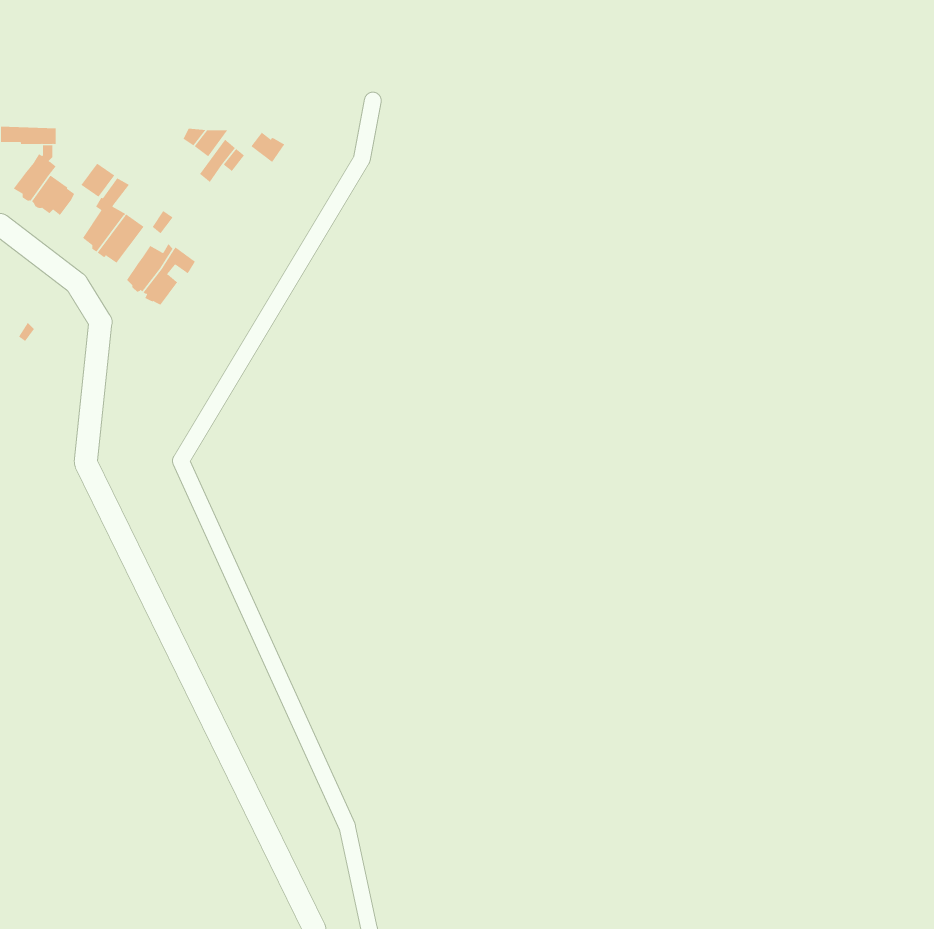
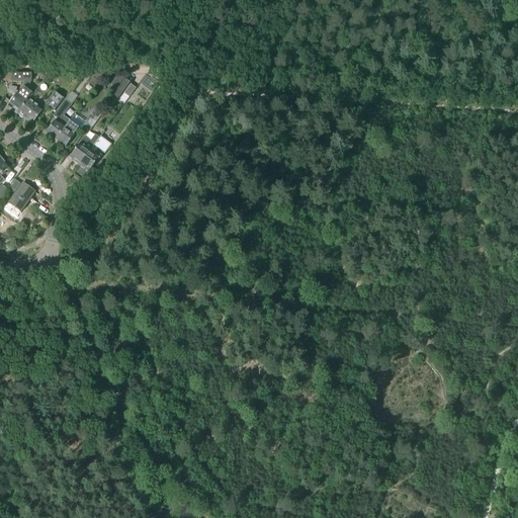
building: none -> [8,181,34,209]

